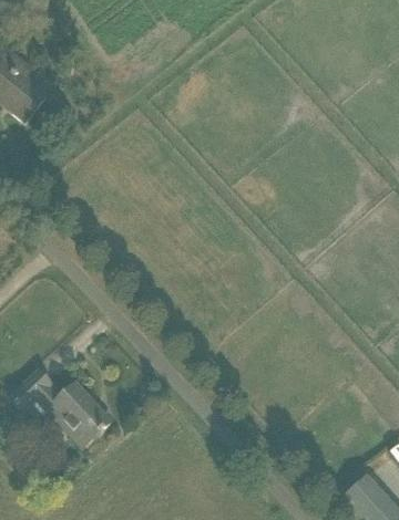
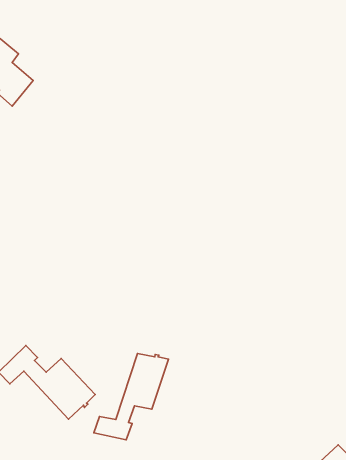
building: none -> [94,353,168,440]

